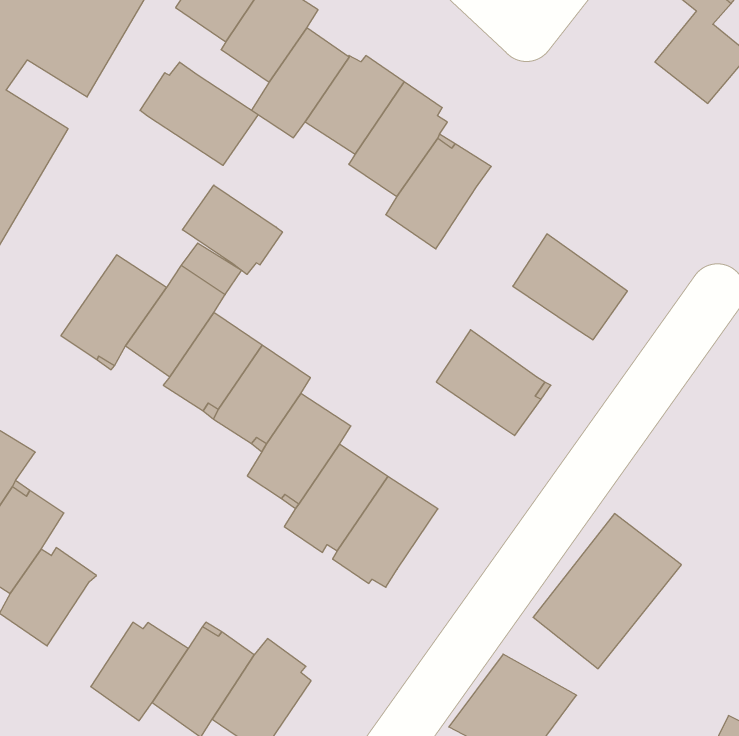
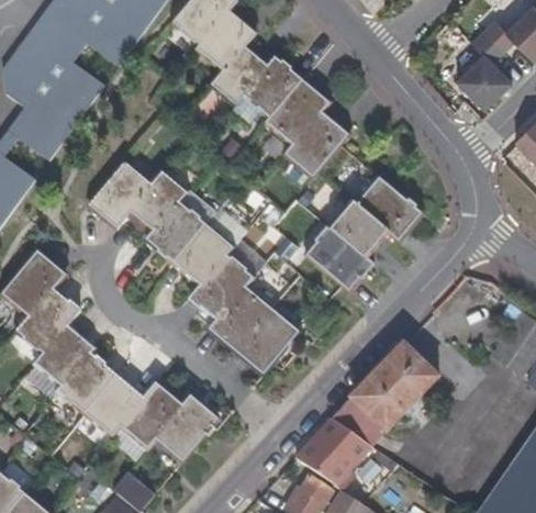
building: [140,62,258,165] -> none
building: [182,185,282,274] -> none
building: none -> [330,199,390,258]
building: none -> [59,352,118,413]
building: none -> [330,399,384,447]

